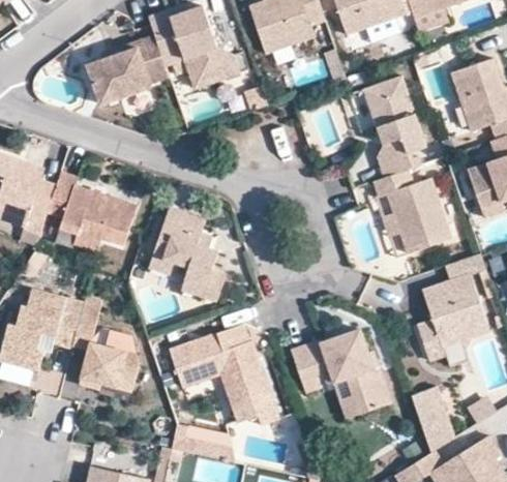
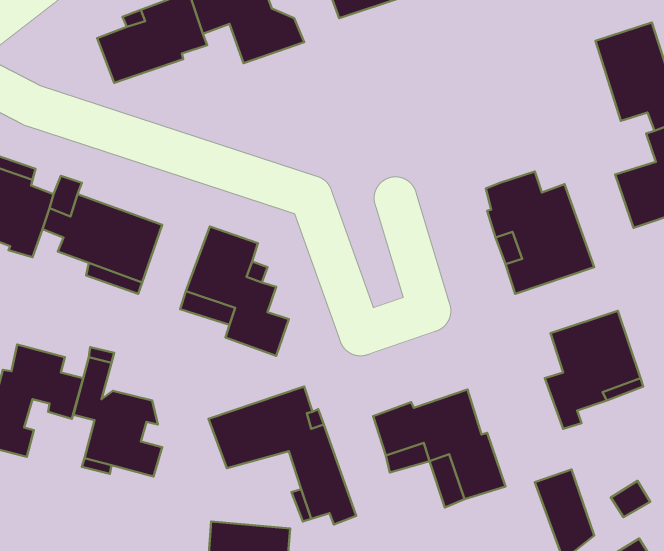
building: [365,76,426,176] -> none

